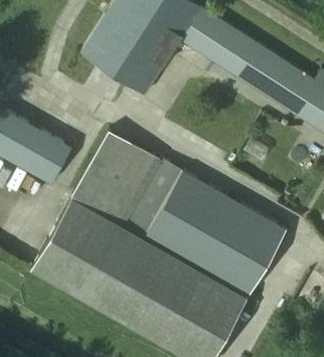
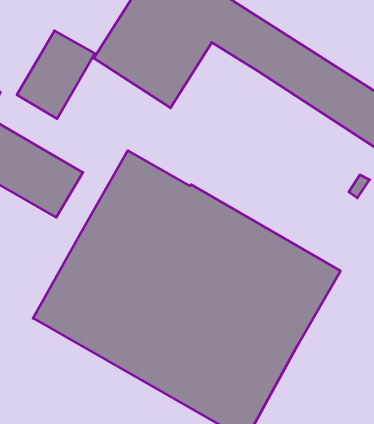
building: none -> [17,31,95,119]

